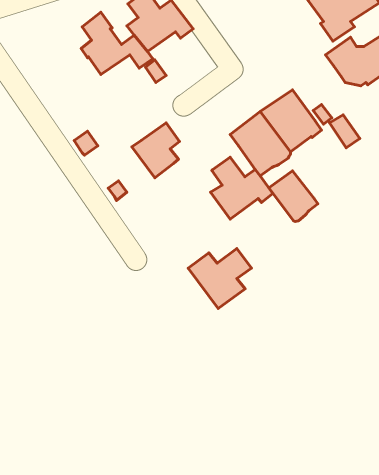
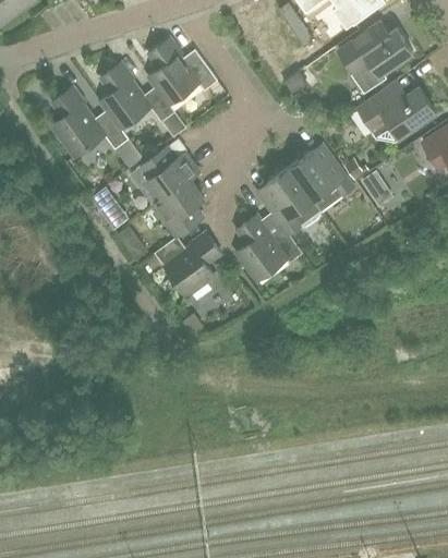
building: none -> [52,88,129,157]
building: none -> [131,148,199,198]
building: [269,171,318,221] -> none
building: [188,249,251,309] -> [155,233,221,296]

